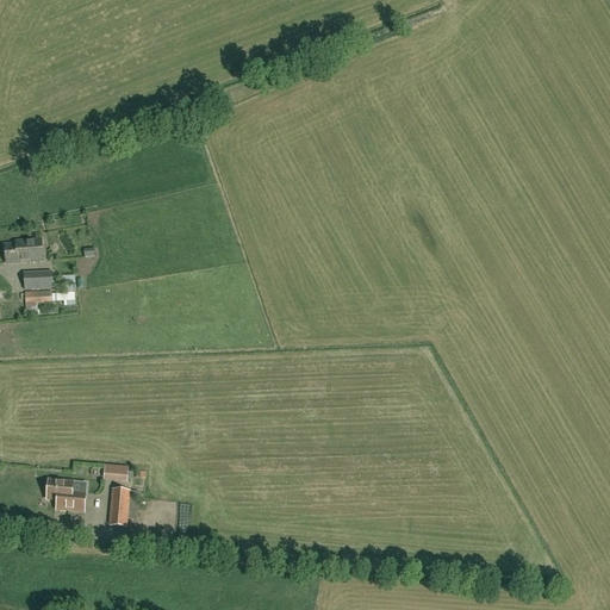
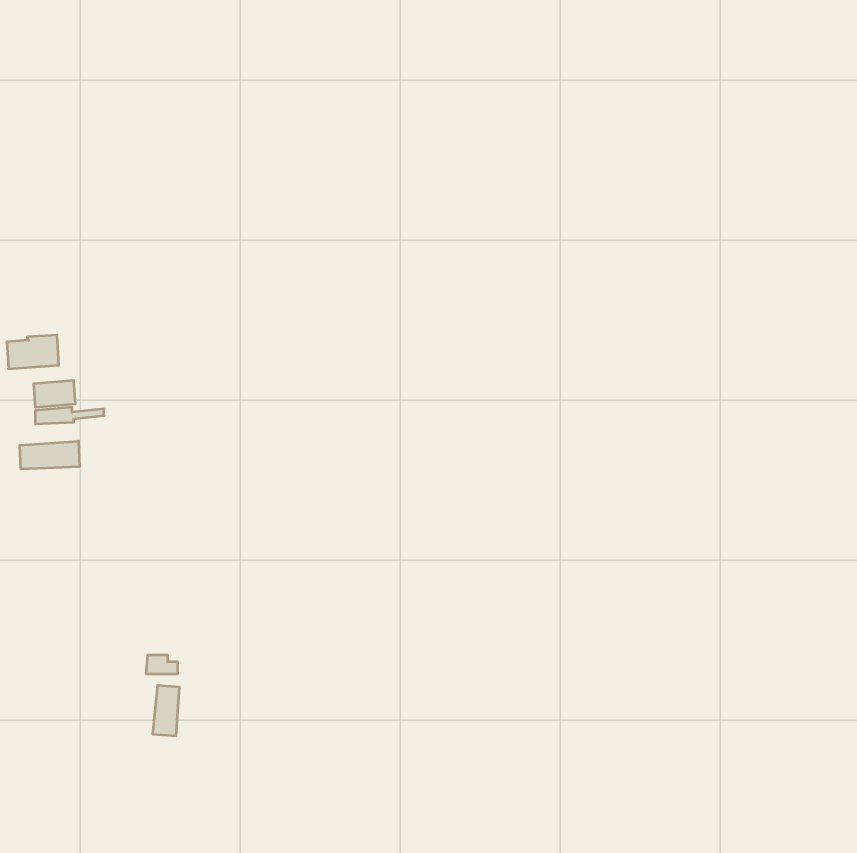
building: none -> [20,441,79,469]
building: [46,478,86,510] -> none

